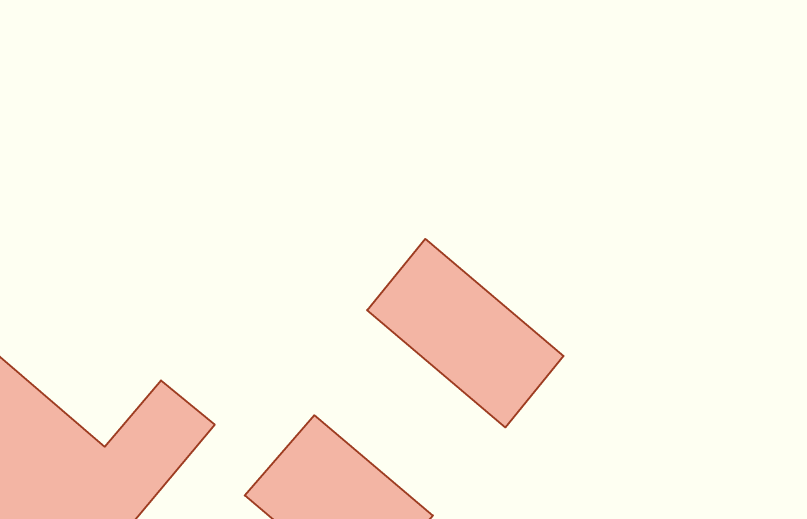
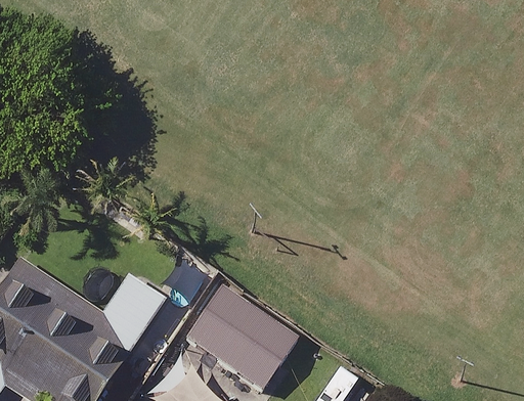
building: [367,239,564,427] -> none

